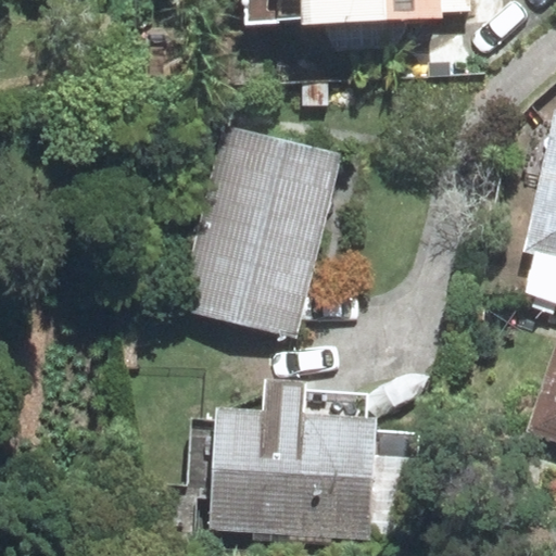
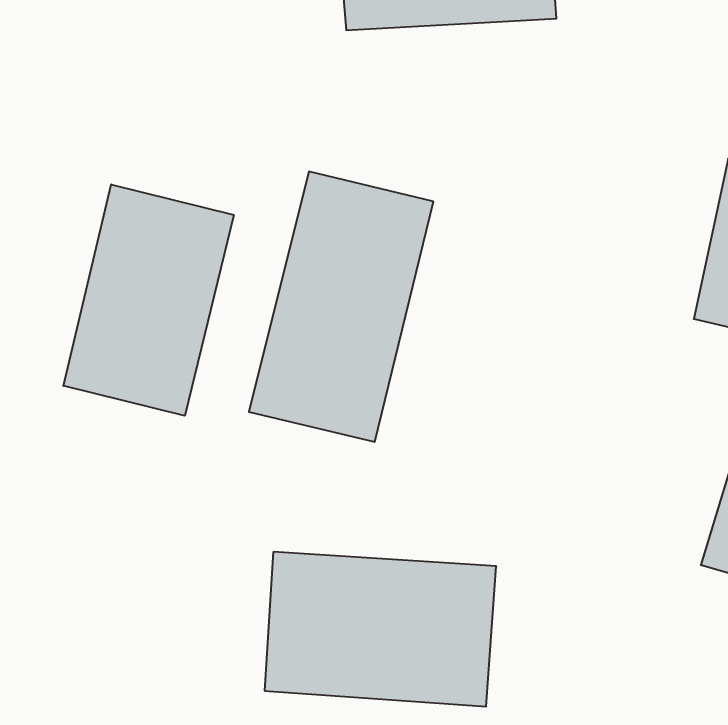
building: none -> [63,184,234,416]

